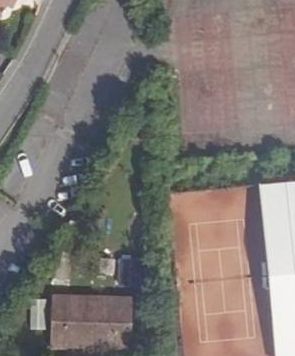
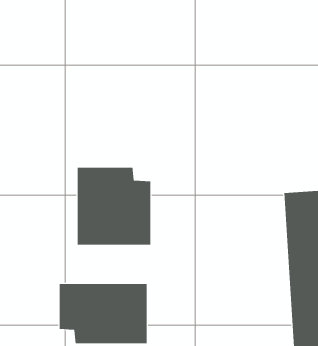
building: none -> [77,167,151,246]

